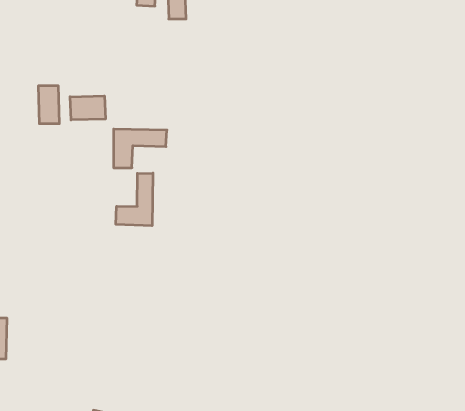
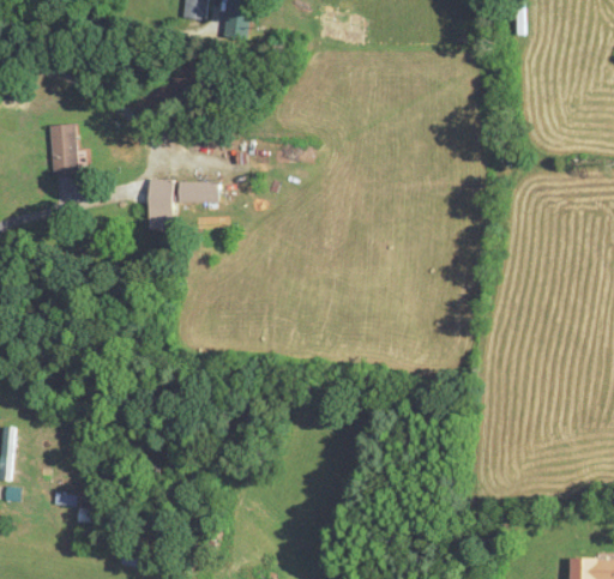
building: [70,96,105,120] -> none
building: [116,173,153,226] -> none

